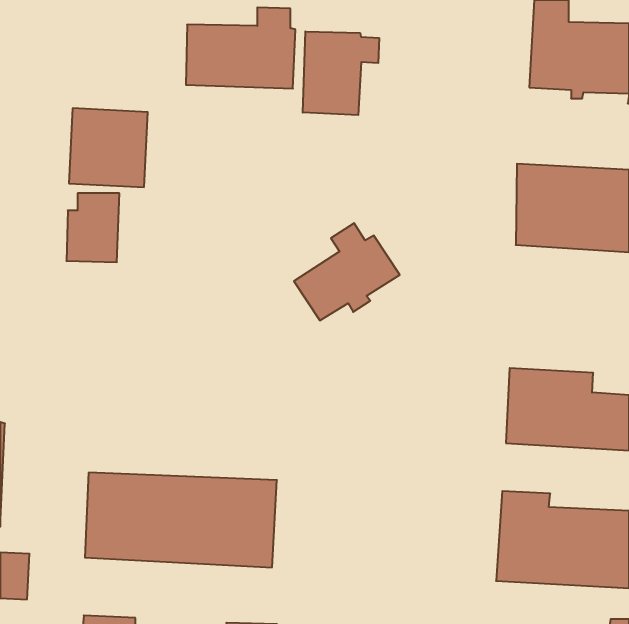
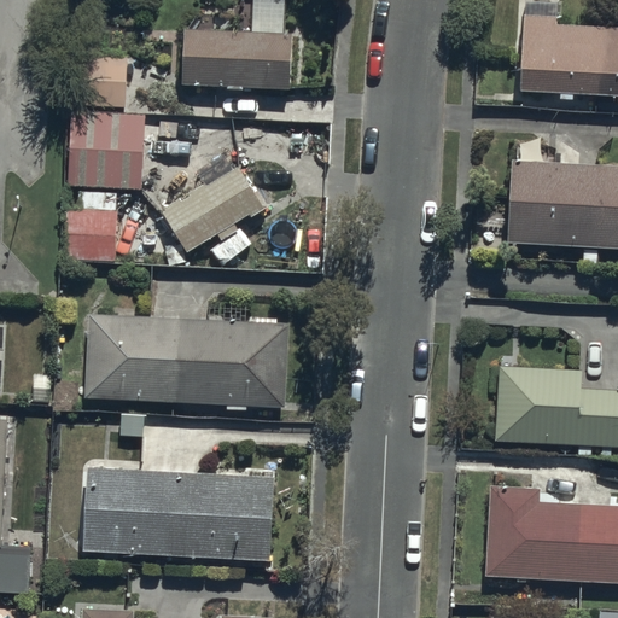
building: [303,31,379,115] -> none
building: none -> [75,57,127,107]
building: [294,223,400,320] -> [162,154,266,250]
building: none -> [86,315,287,407]

